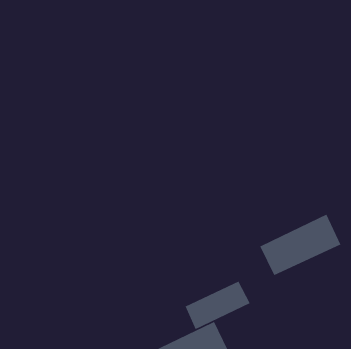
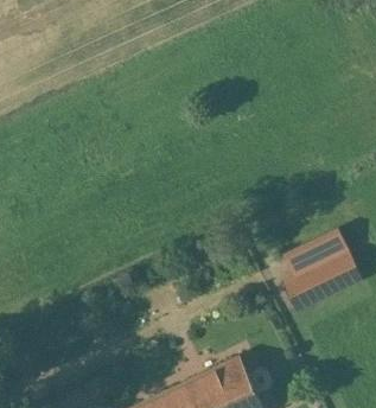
building: [184,281,251,330] -> [282,228,348,276]

